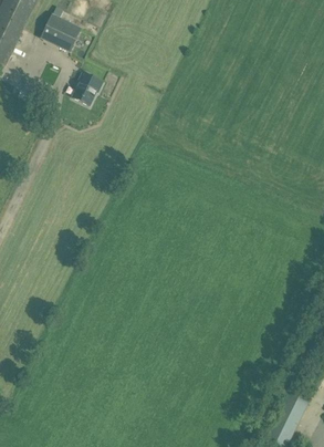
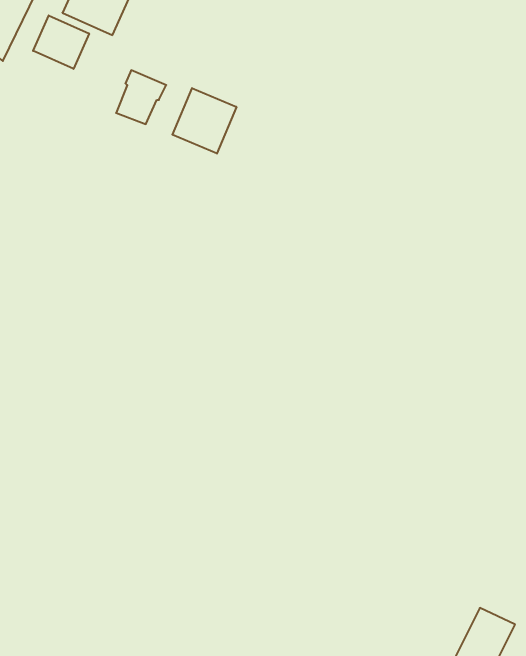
building: none -> [33,15,89,69]
building: none -> [172,88,236,154]

